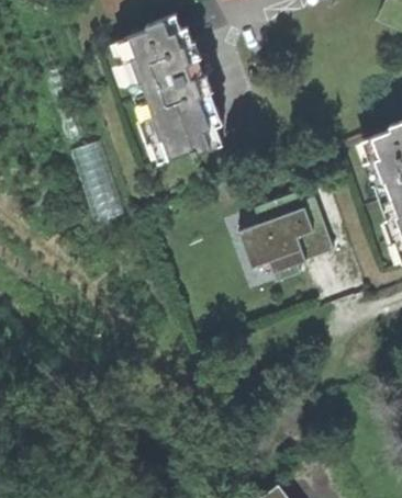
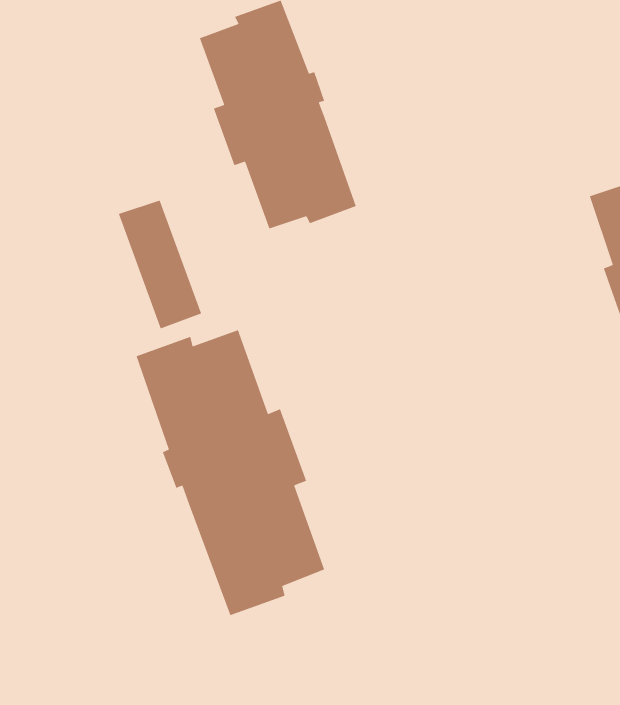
building: [234,194,313,286] -> none
building: none -> [135,329,325,616]

